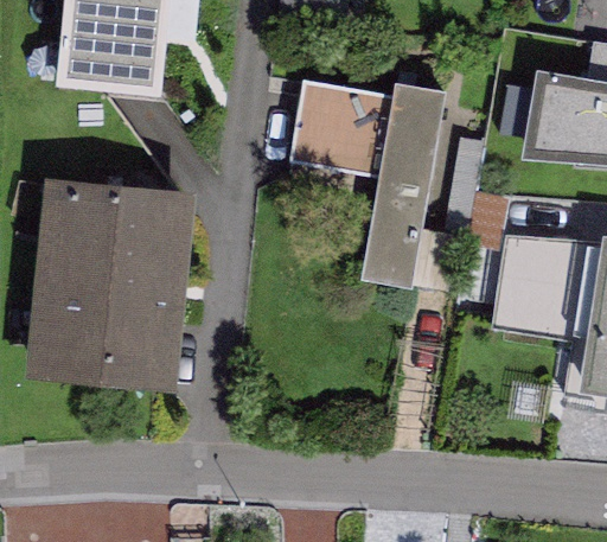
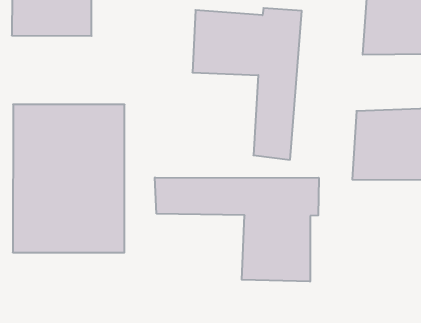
building: none -> [155,177,319,282]

